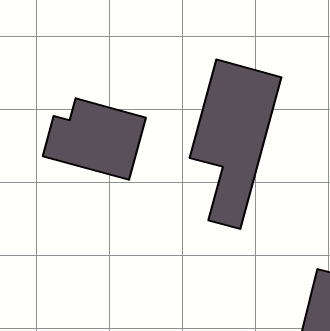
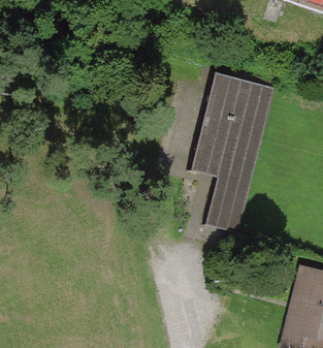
building: [43,98,146,180] -> none

